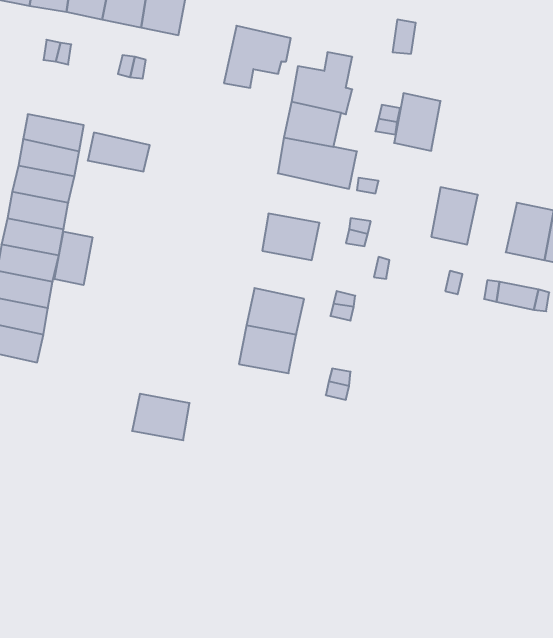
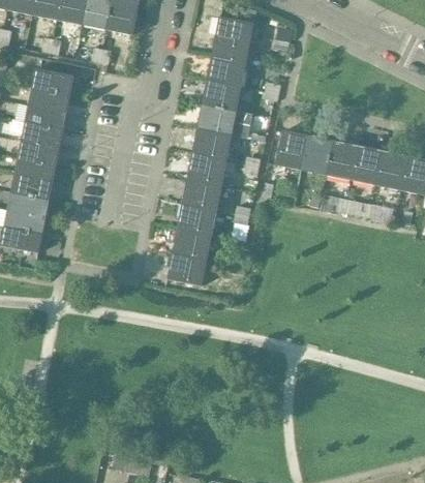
building: [224,26,291,88] -> [212,18,256,59]
building: [394,93,441,151] -> [276,131,307,170]
building: [88,133,150,171] -> [32,69,73,95]
building: none -> [192,127,232,160]
building: none -> [325,142,358,180]
building: [54,231,92,285] -> none
building: none -> [183,179,221,211]
building: [132,394,190,440] -> [168,254,206,285]

